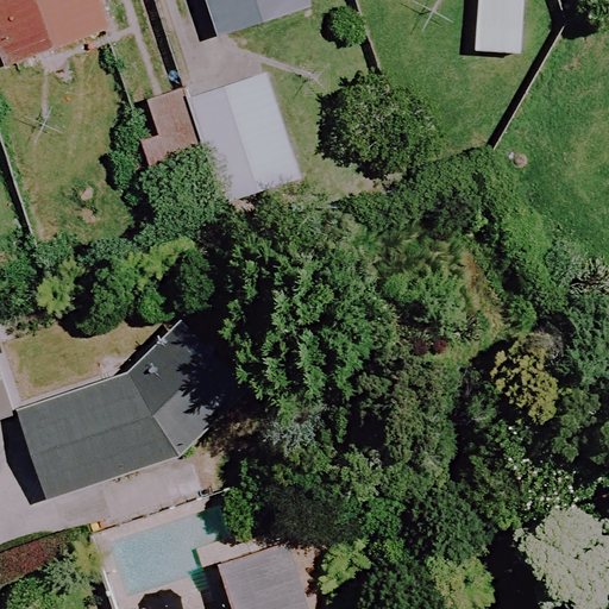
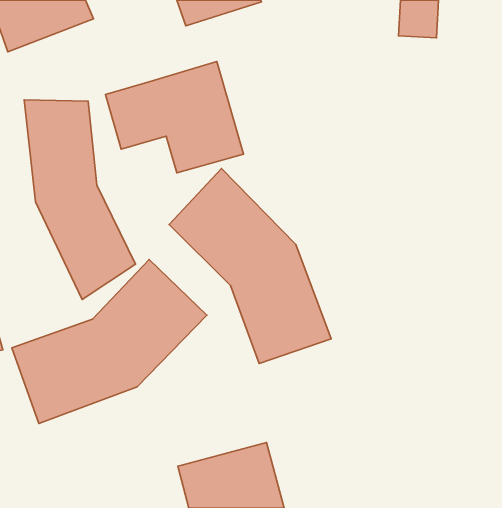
building: none -> [24,100,135,299]
building: none -> [169,169,331,364]

